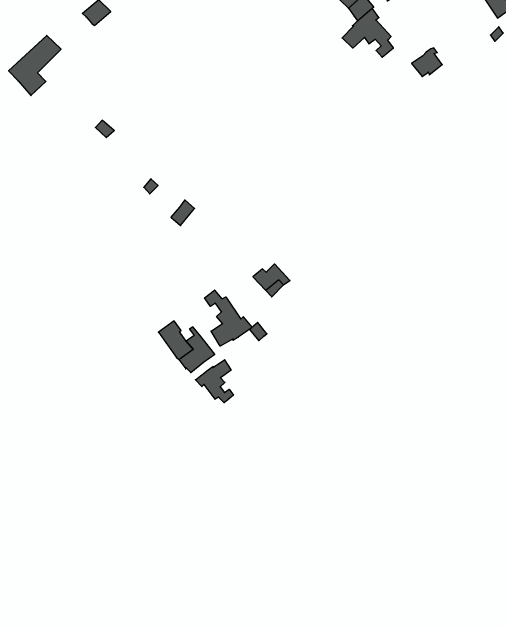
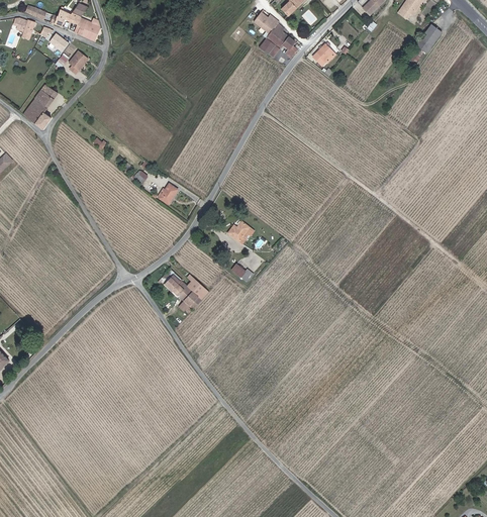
building: [205,290,252,346] -> none
building: [195,360,233,403] -> none

